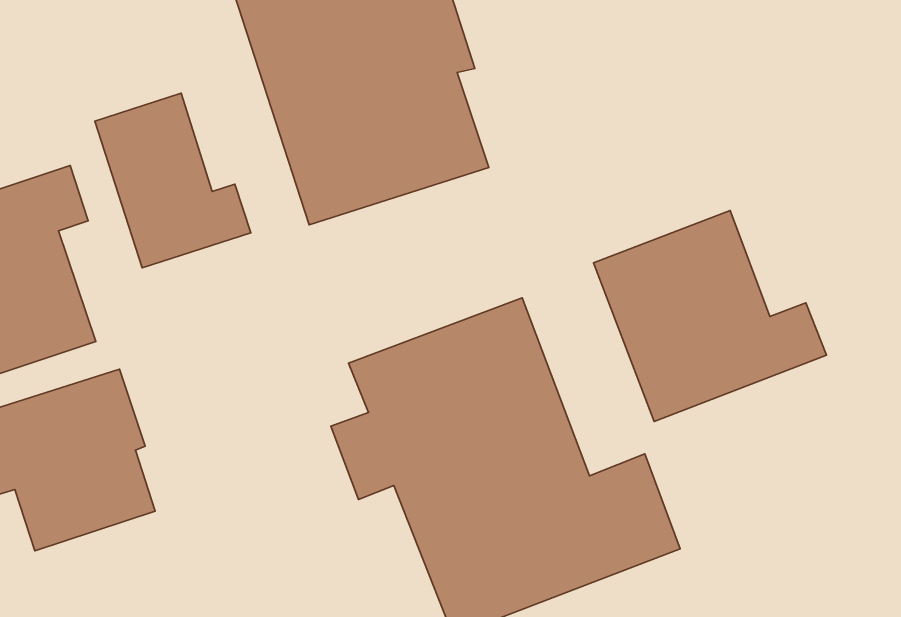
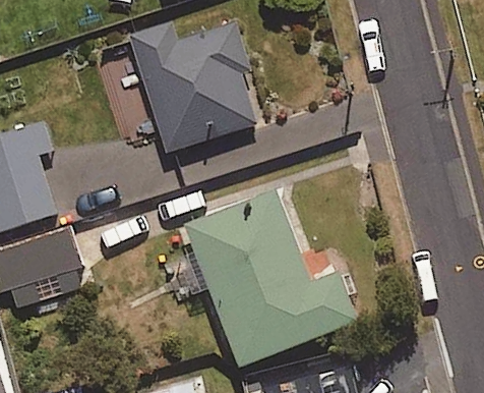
building: [95,93,251,268] -> none
building: [593,211,827,421] -> none

